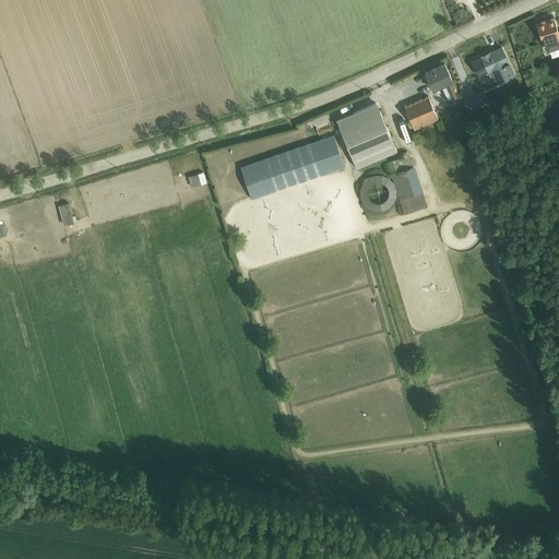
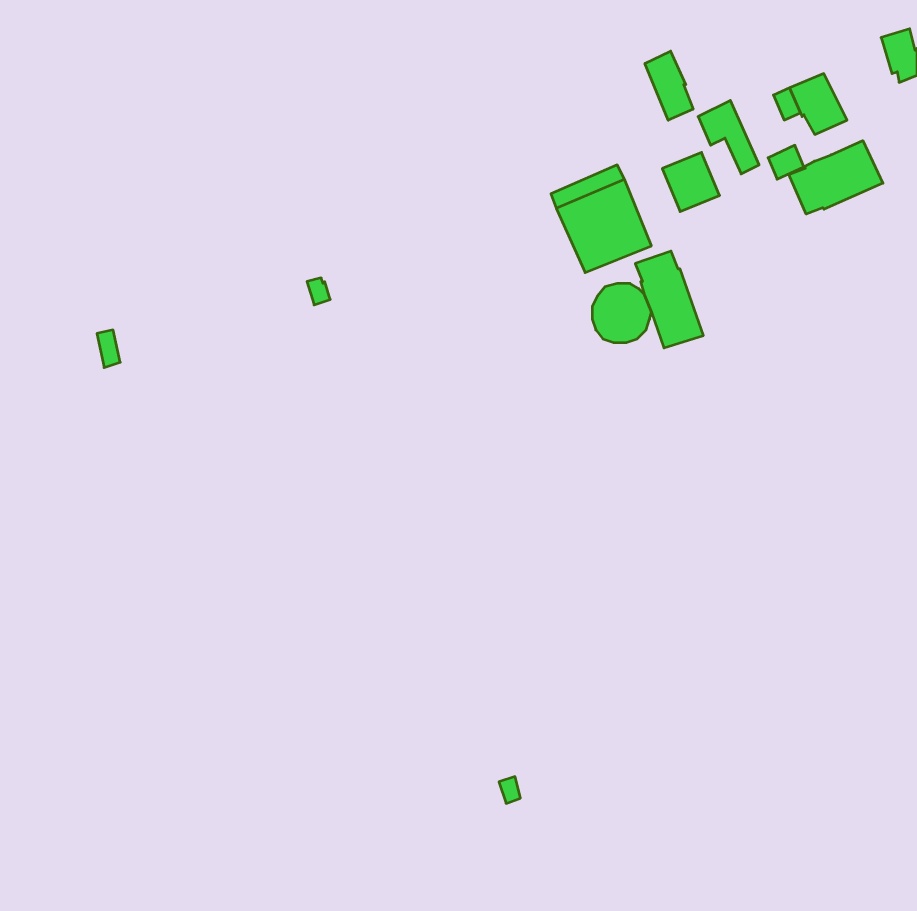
building: none -> [645,51,693,120]
building: none -> [789,141,883,214]
building: [240,136,344,199] -> none

